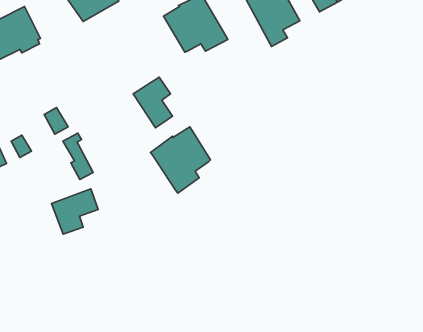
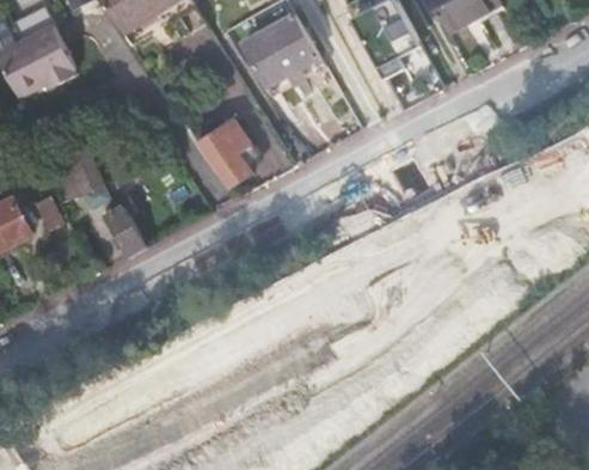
building: [151,127,210,193] -> none
building: [52,189,98,234] -> none

